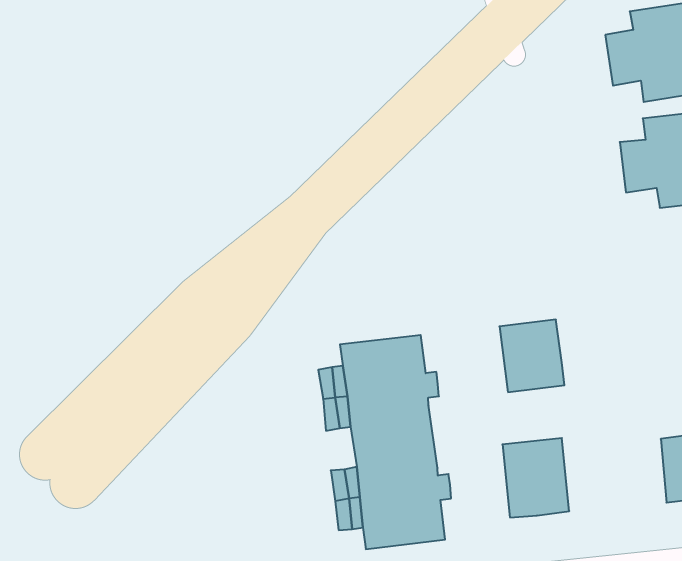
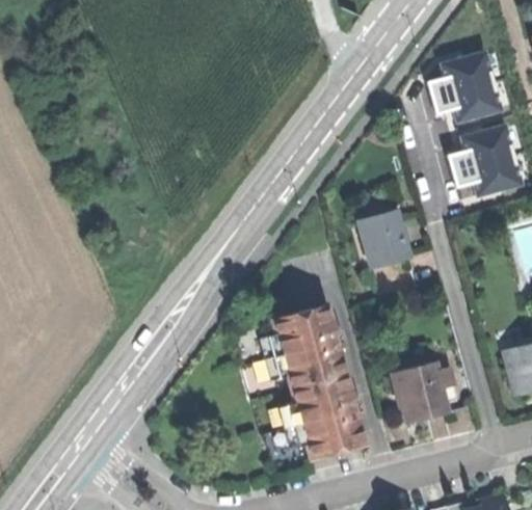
building: [499,320,564,392] -> [360,214,410,269]

